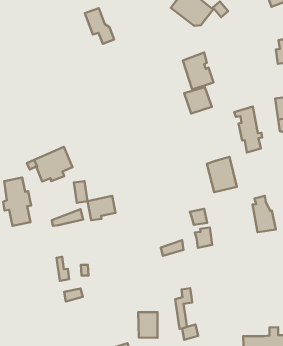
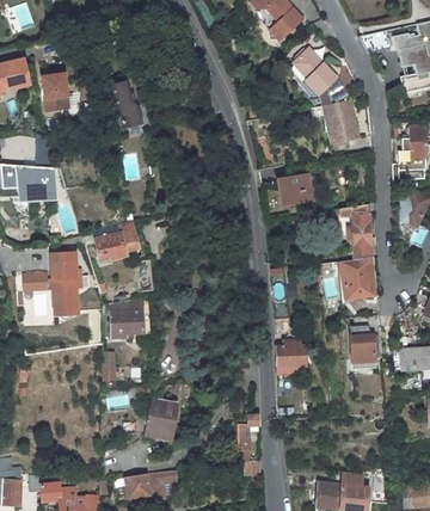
building: [85,8,114,44] -> [111,84,142,128]
building: [183,52,214,89] -> [324,99,357,142]
building: [207,157,237,192] -> [343,257,375,297]
building: [87,196,115,220] -> [111,312,143,338]
building: [138,312,158,338] -> [147,400,174,435]

